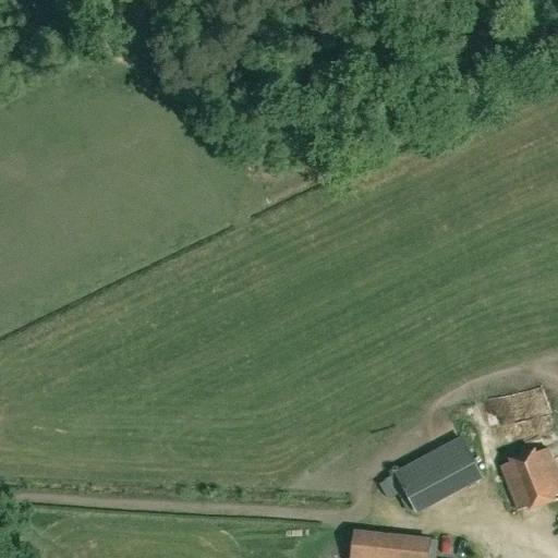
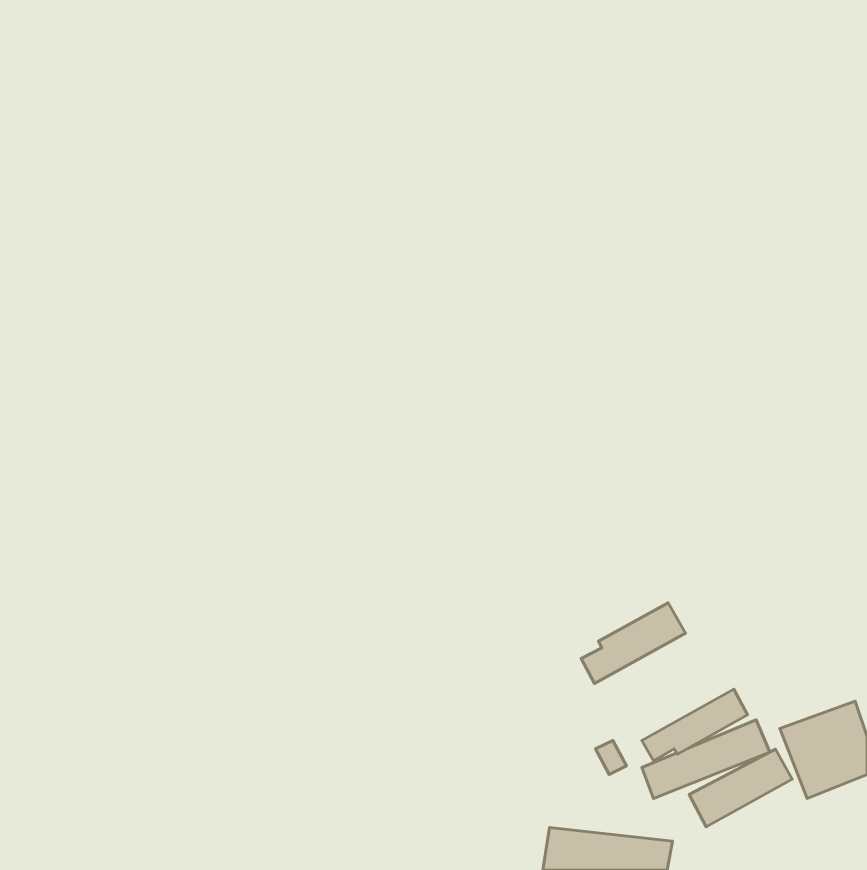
building: none -> [581,603,685,684]
building: none -> [689,749,792,827]

